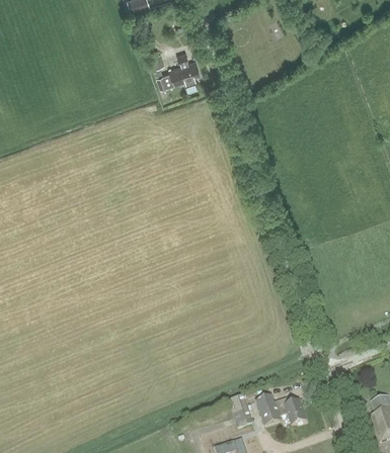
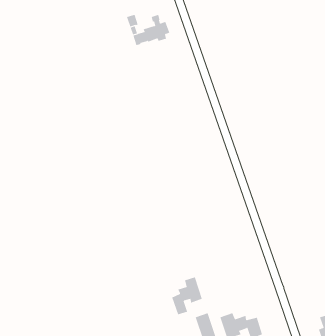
building: none -> [171,276,203,315]

